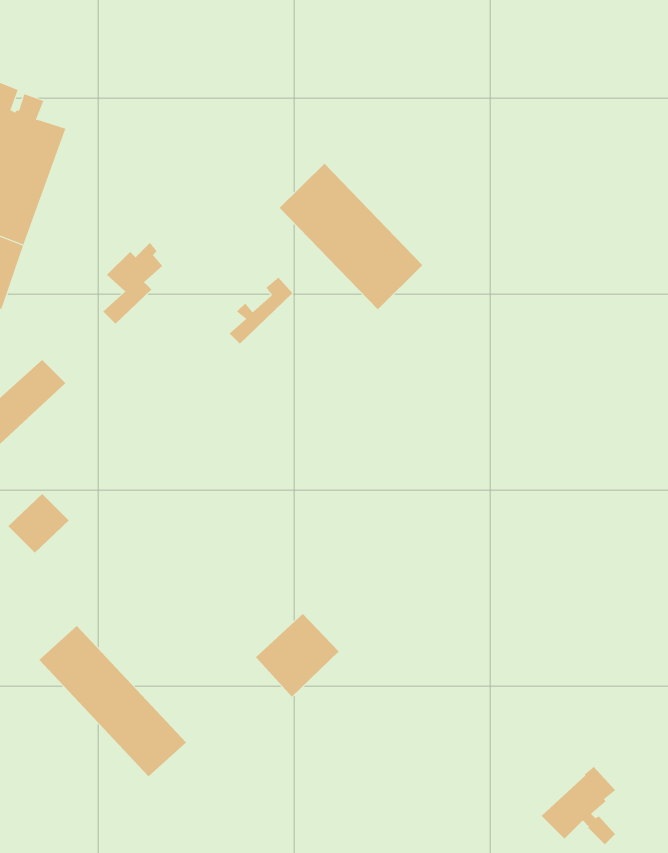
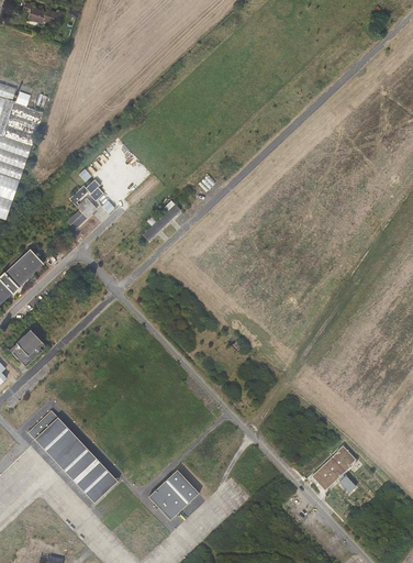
building: [279,163,423,310] -> none
building: [255,613,340,697] -> [146,471,197,521]
building: [541,766,616,845] -> [310,445,355,493]

